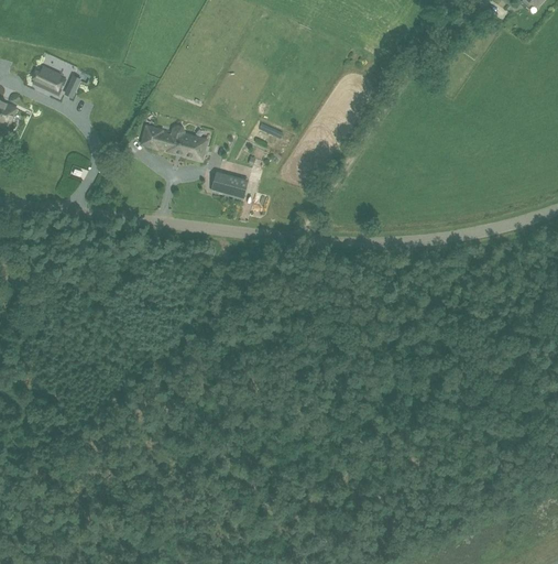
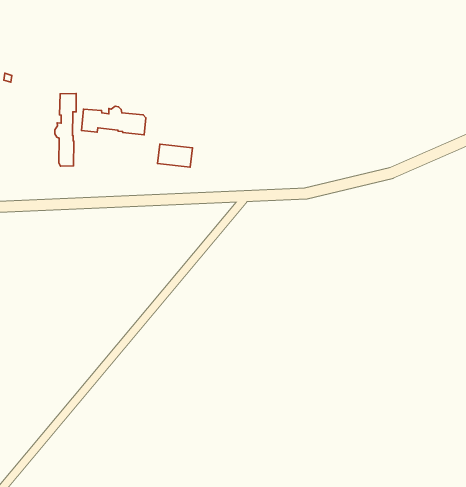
building: none -> [55,94,76,166]

